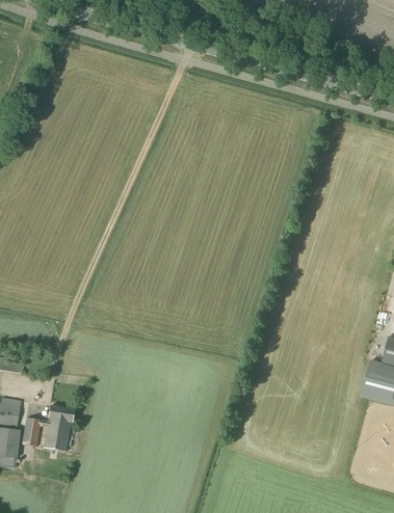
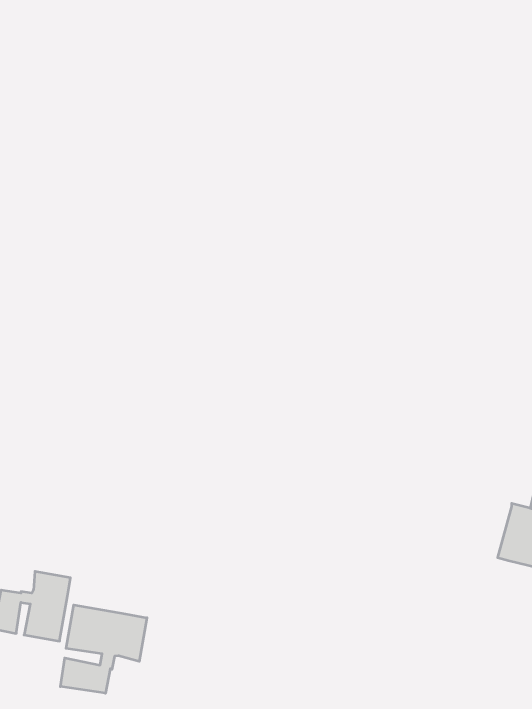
building: none -> [60,605,147,693]

